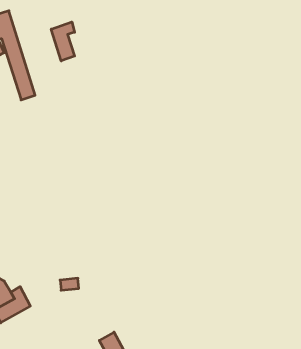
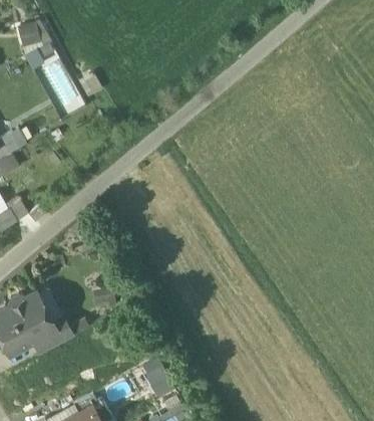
building: [51,22,75,61] -> none

